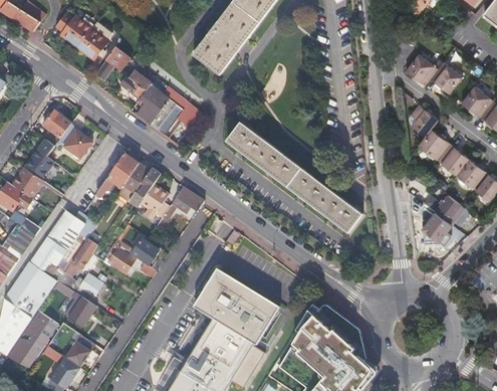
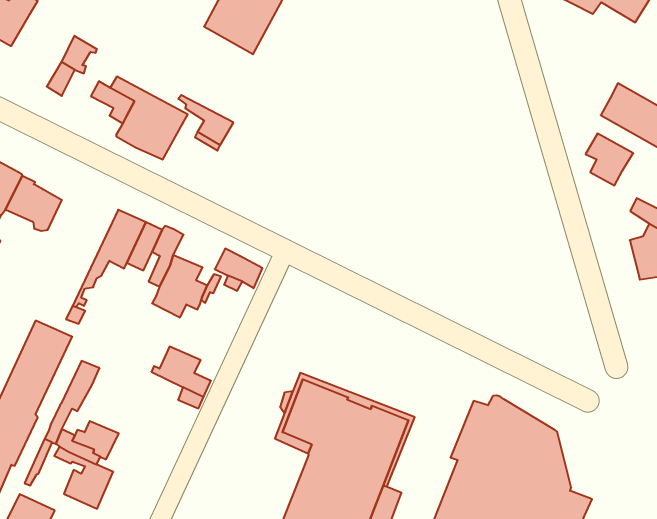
building: [77,29,107,59] -> none
building: [411,103,439,135] -> [586,133,633,185]
building: [226,122,361,233] -> none
building: [102,242,135,272] -> none

